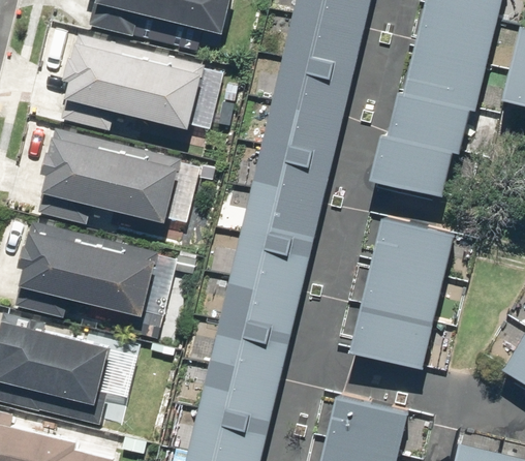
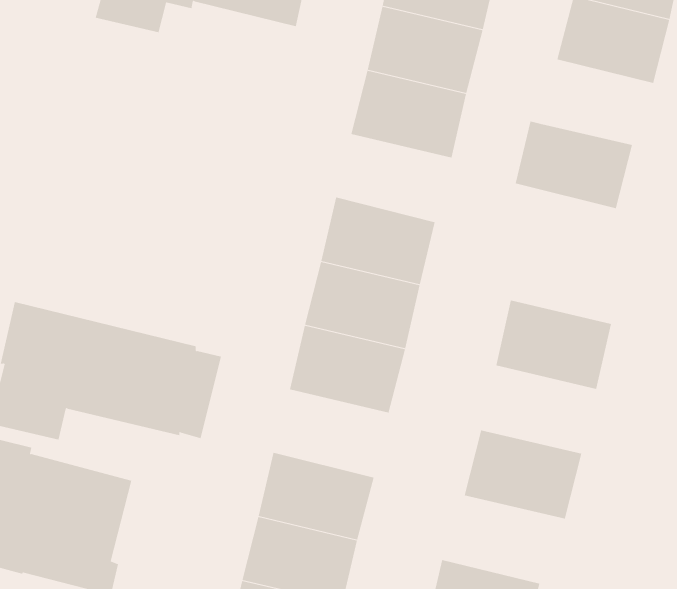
building: [67,36,212,132] -> none
building: [403,56,481,116] -> none
building: [260,107,341,168] -> none
building: [44,129,189,225] -> none
building: [367,141,451,202] -> none
building: [361,268,441,329] -> none
building: [217,284,298,345] -> none

